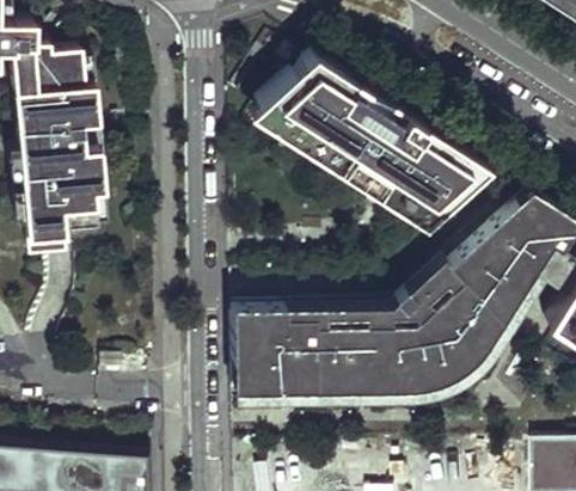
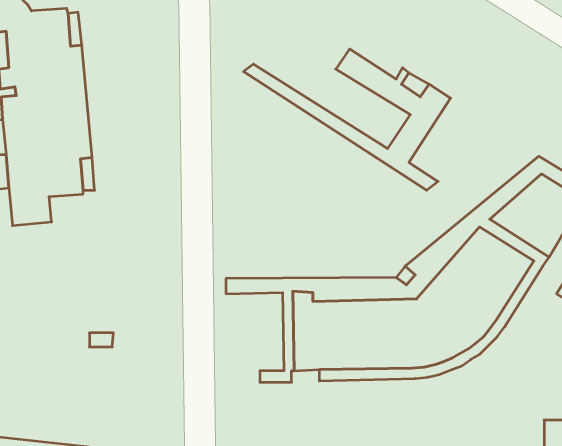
building: [258,55,406,186] -> none
building: [405,139,489,217] -> none
building: [232,323,287,398] -> none

